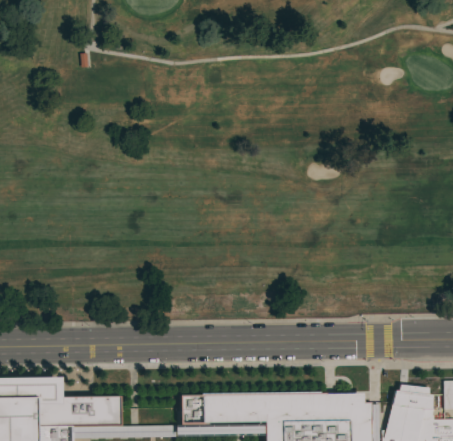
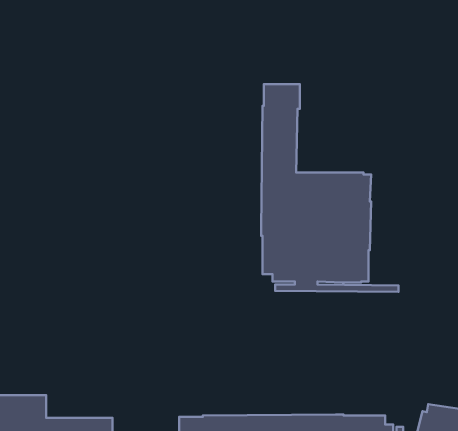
building: none -> [261,84,398,292]

